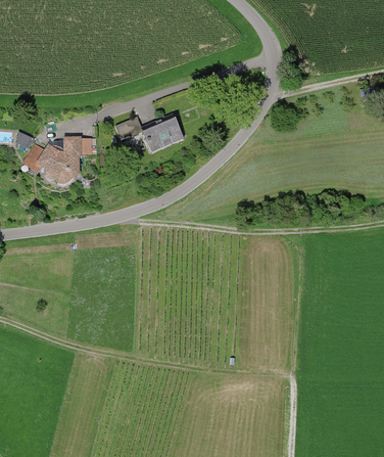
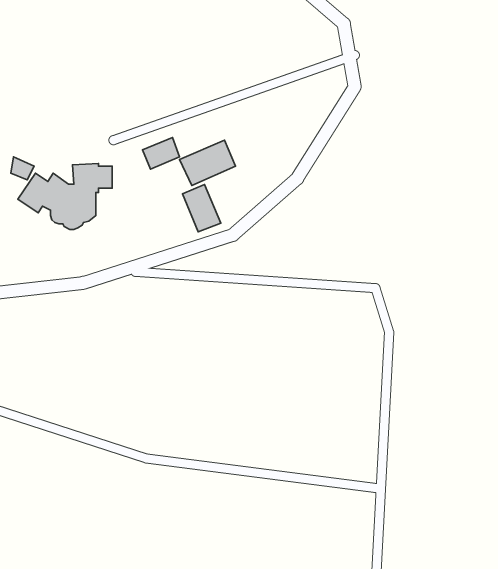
building: none -> [183,184,221,232]

